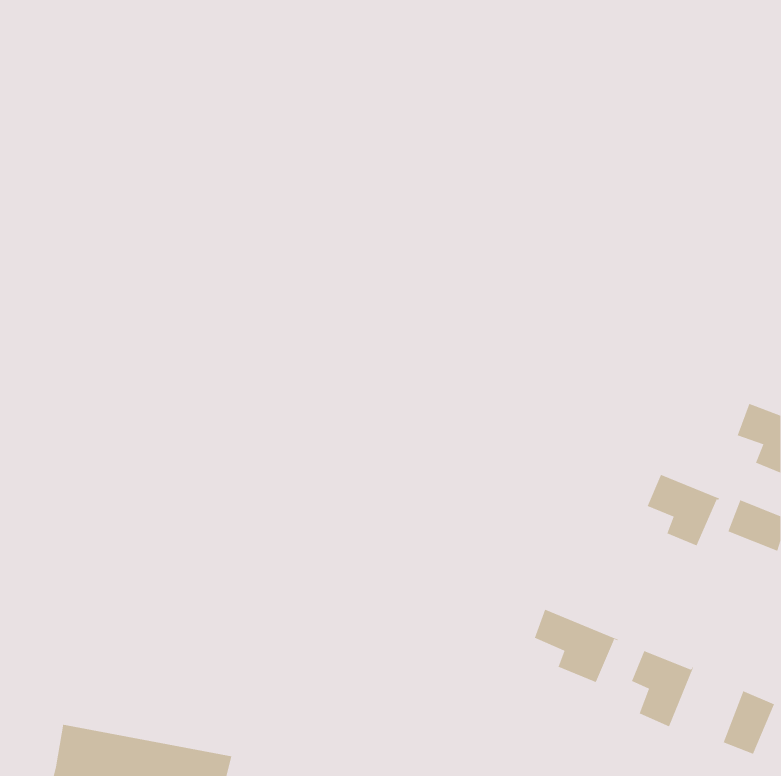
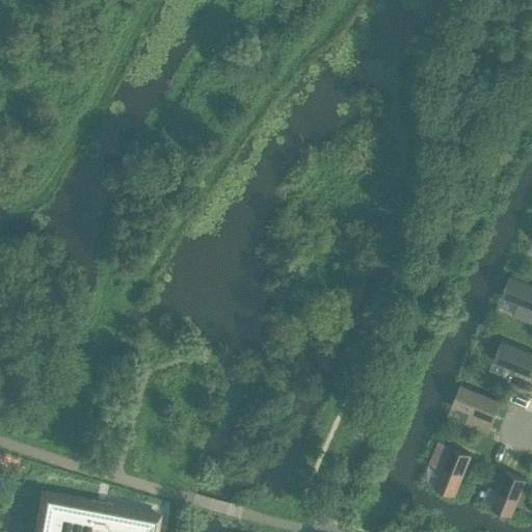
building: [647,474,720,547] -> [451,387,501,436]
building: [534,609,618,684] -> none

